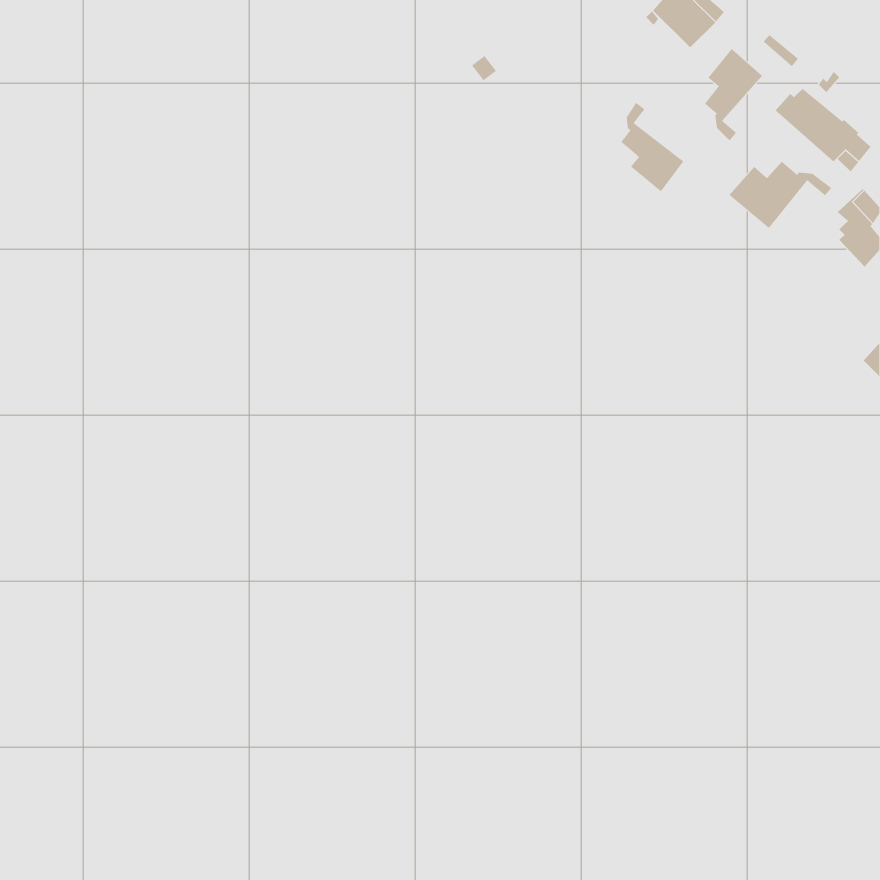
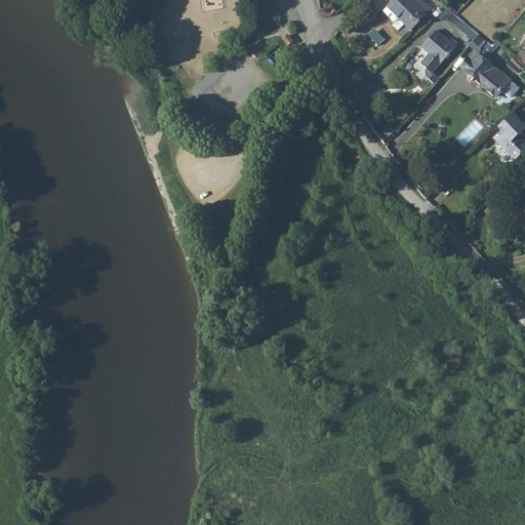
building: [620,102,684,192] -> none
building: [728,161,832,229] -> none

